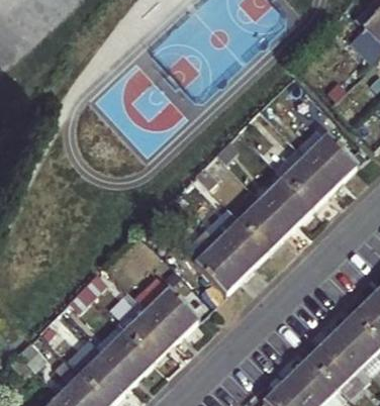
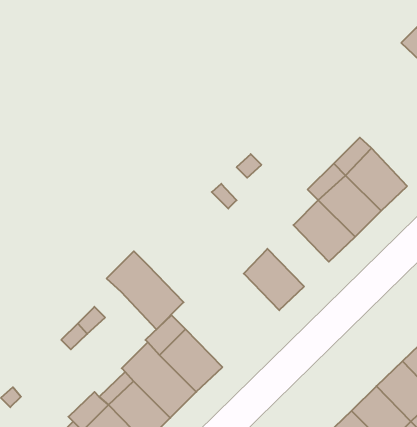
building: [226,187,290,250] -> none
building: [182,227,248,294] -> [107,251,184,329]

